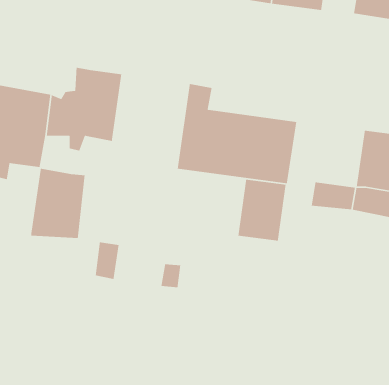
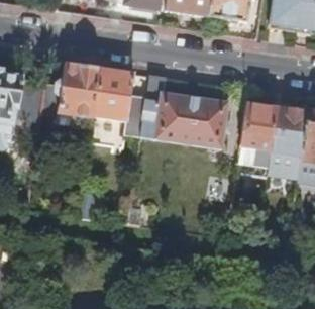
building: [31,168,85,239] -> [91,66,131,118]
building: [237,179,287,241] -> [240,103,277,149]

